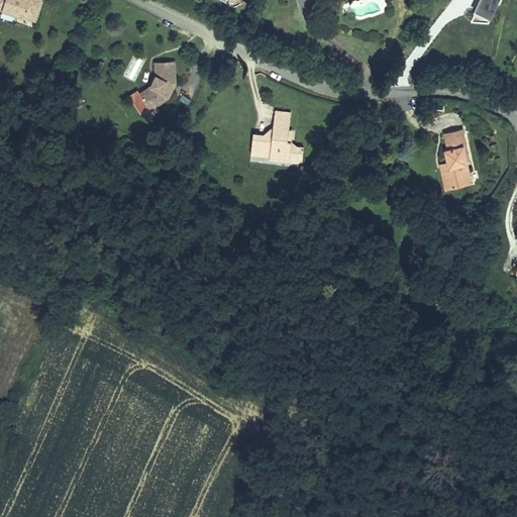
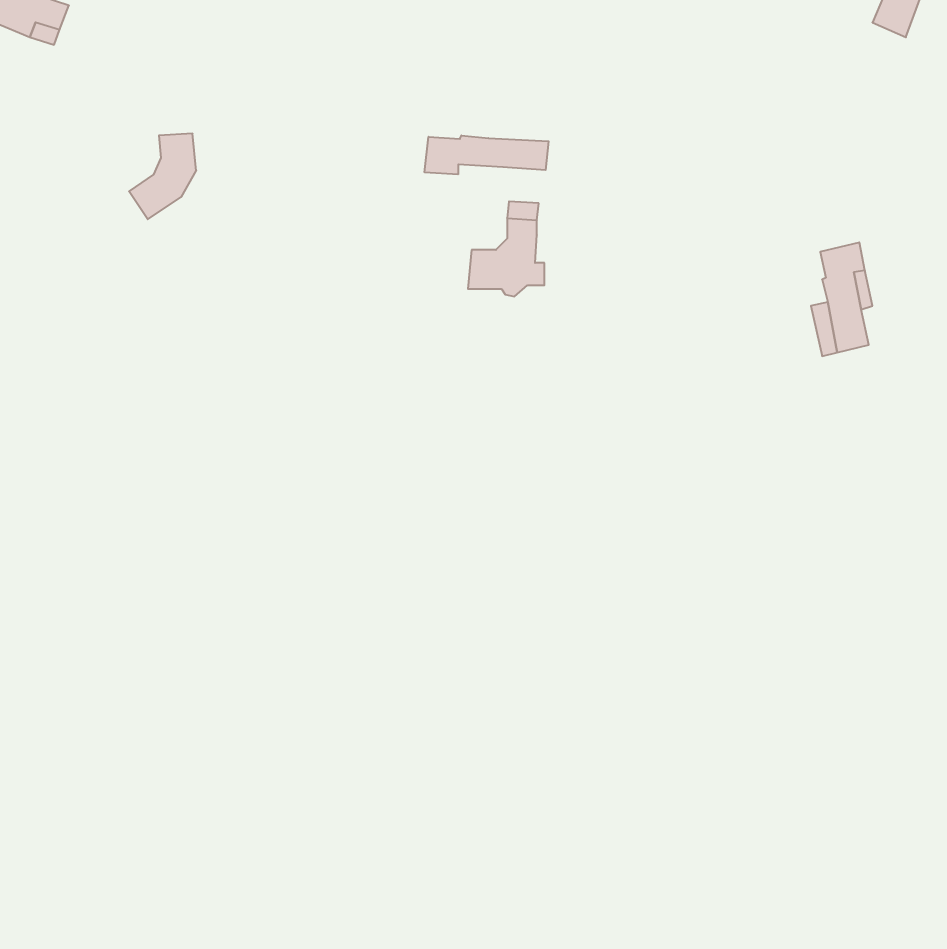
building: [136,63,173,109] -> [129,134,196,219]
building: none -> [425,135,549,174]

